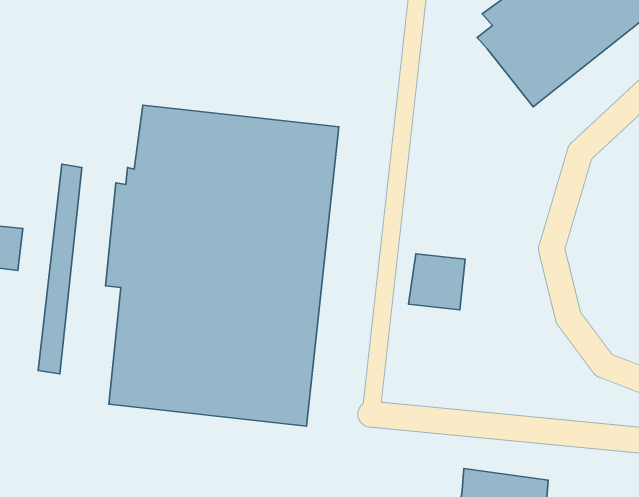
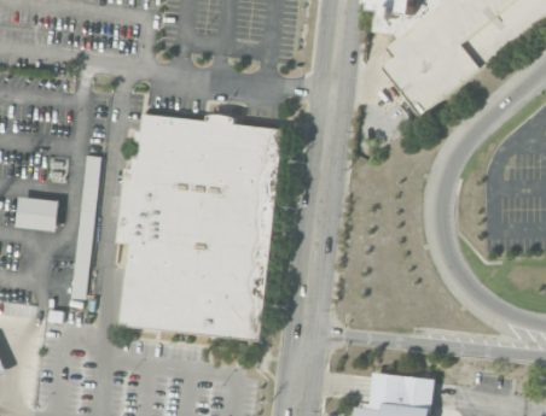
building: [408,254,465,310] -> none

